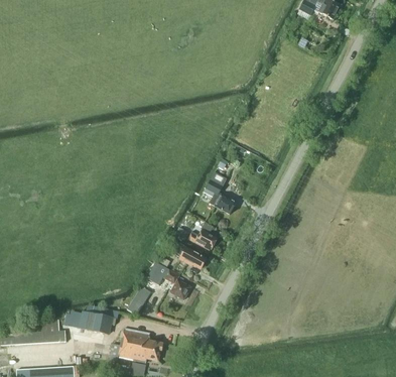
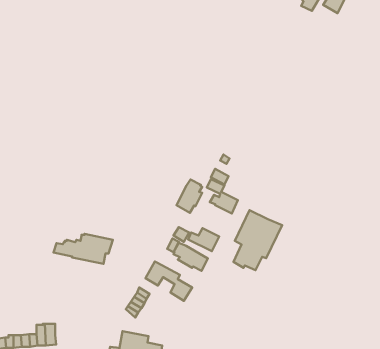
building: none -> [176,180,202,213]
building: none -> [234,210,282,270]
building: [60,304,118,334] -> [53,234,113,264]

